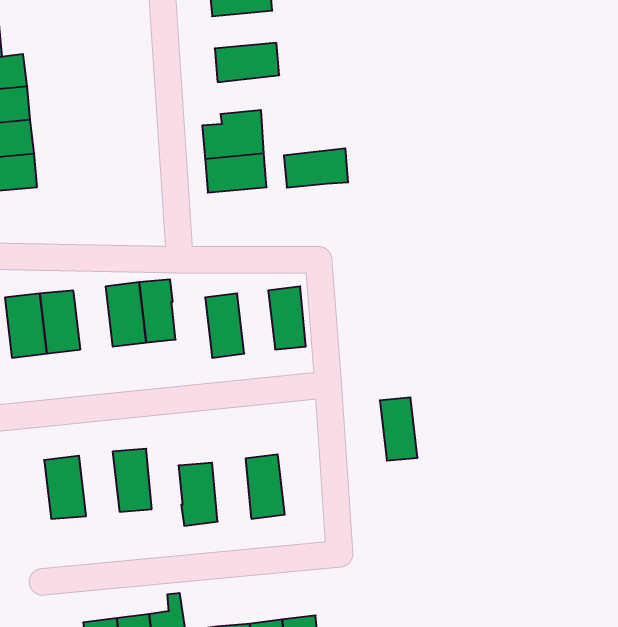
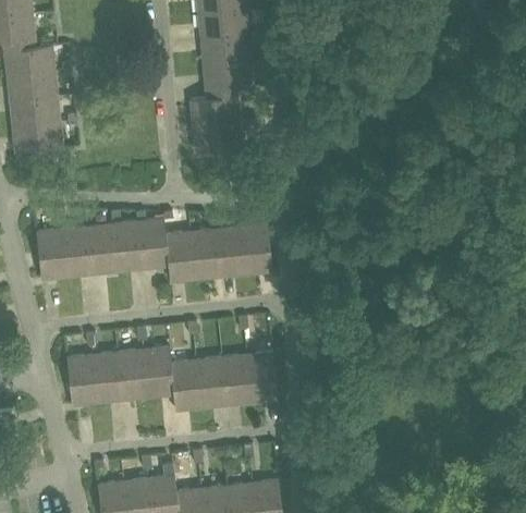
building: none -> [197,9,247,38]
building: [284,148,348,188] -> [201,59,252,89]
building: none -> [89,223,120,272]
building: none -> [217,227,246,276]
building: none -> [166,232,197,281]
building: [380,398,418,461] -> [248,352,278,401]
building: none -> [146,346,174,396]
building: none -> [94,352,125,402]
building: none -> [197,357,228,406]

